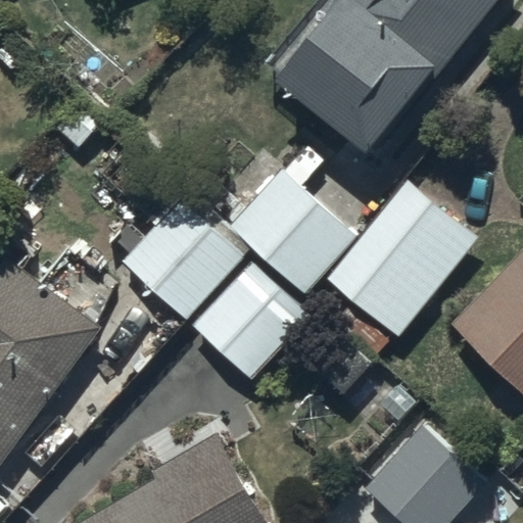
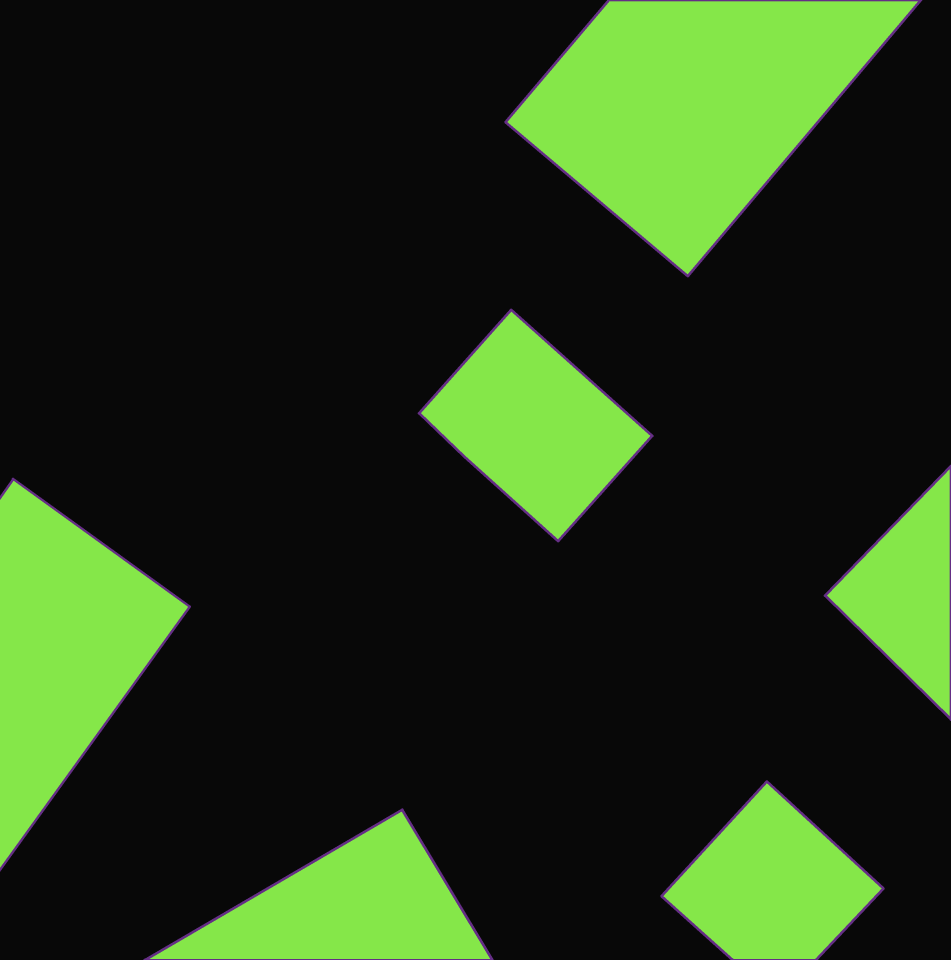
building: [327,180,478,337] -> none
building: [121,188,252,321] -> none
building: [194,262,310,378] -> none

